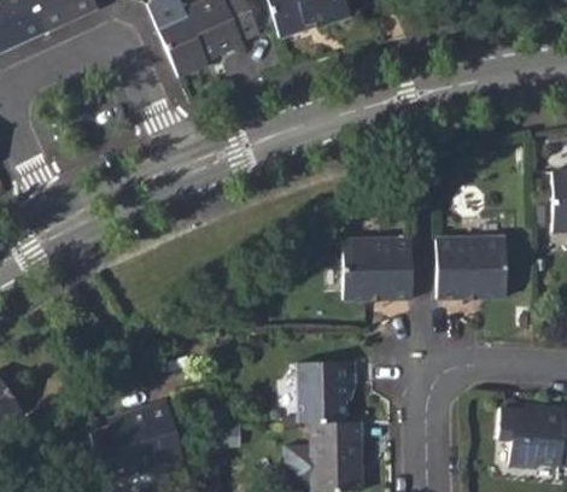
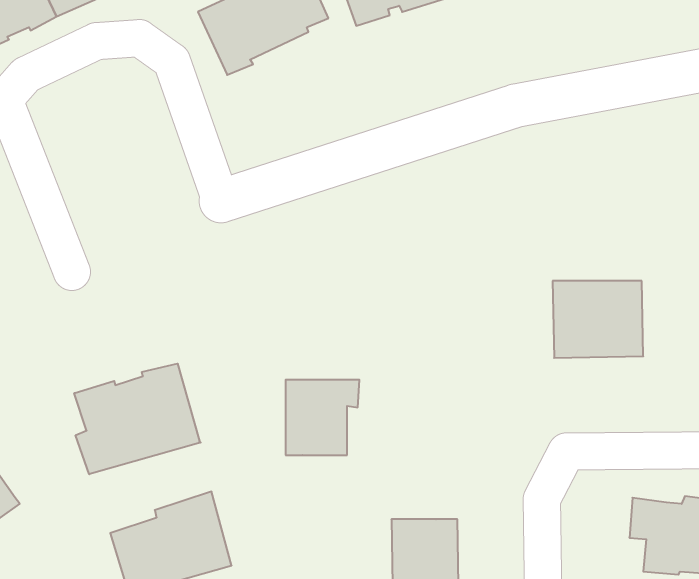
building: [350,242,414,301] -> none
building: none -> [74,364,201,474]
building: [296,363,353,422] -> [286,380,359,455]

